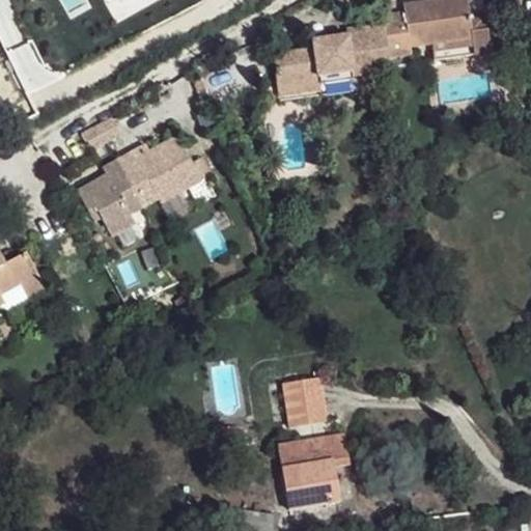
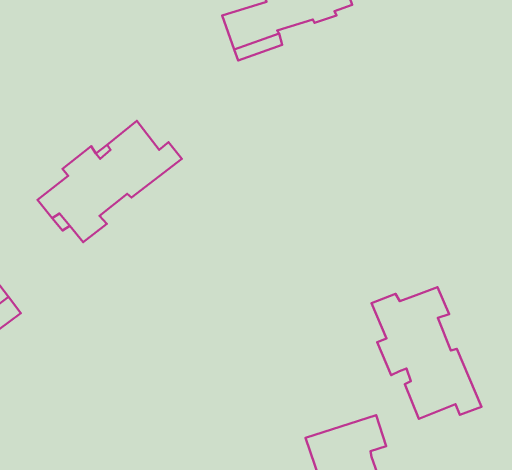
building: none -> [372,287,481,419]
building: [286,378,328,427] -> none

